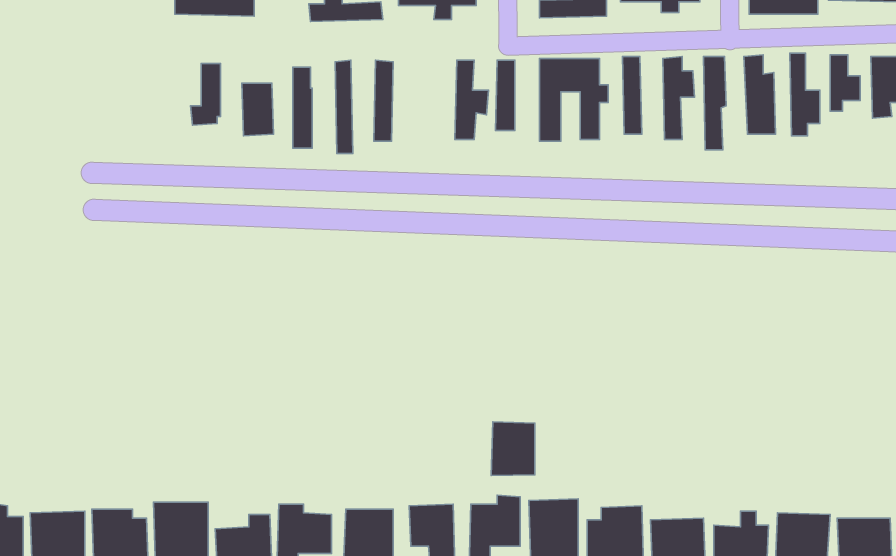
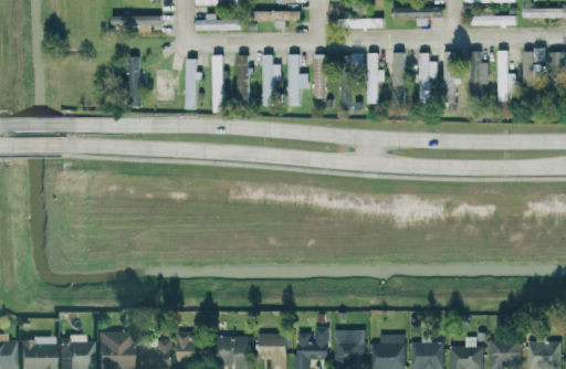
building: none -> [262,55,281,105]
building: [491,422,535,475] -> none

